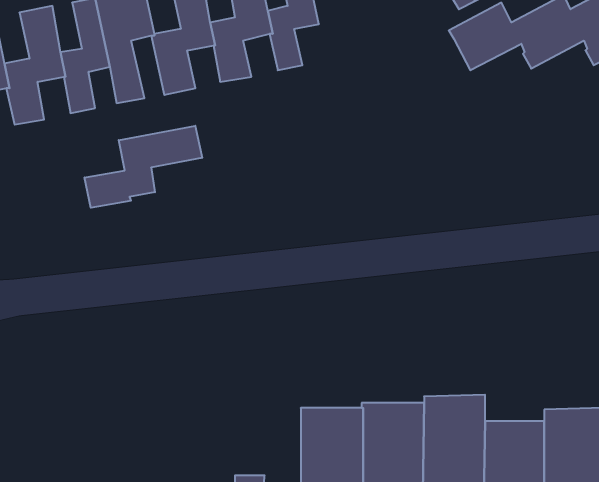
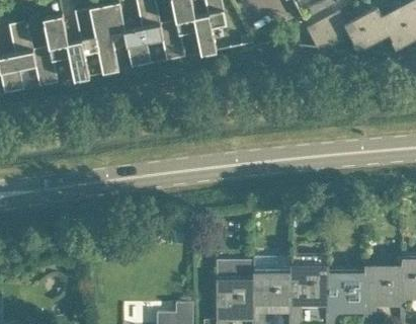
building: [85,126,202,208] -> none

